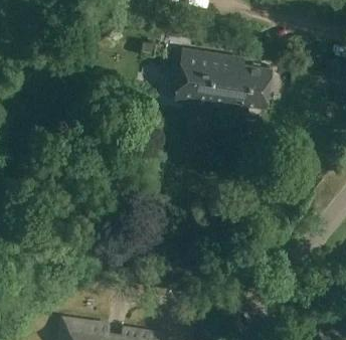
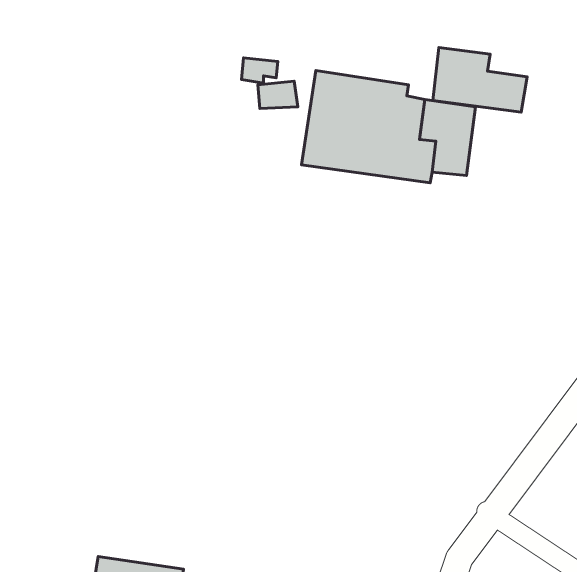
building: none -> [433,48,527,112]

